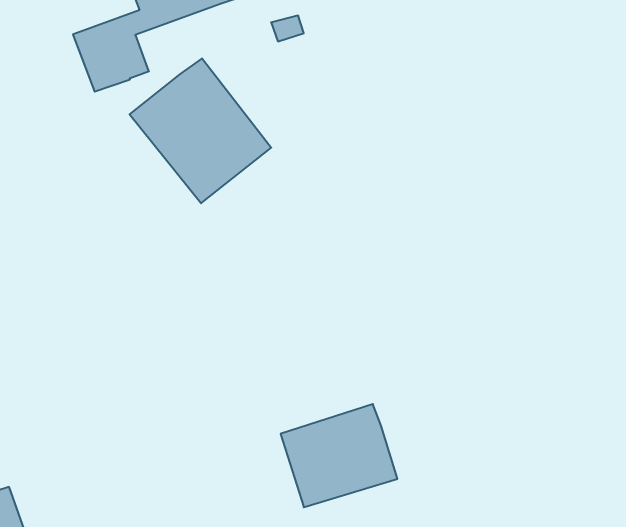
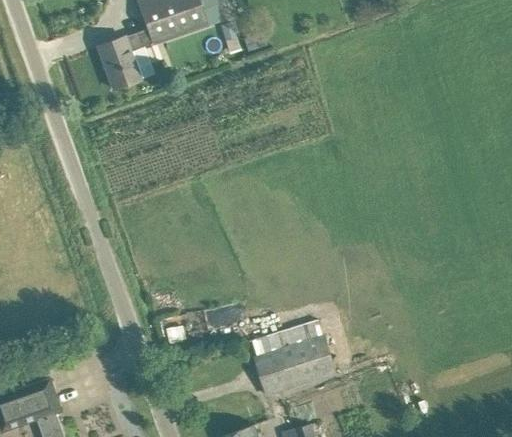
building: [130,58,271,203] -> none

